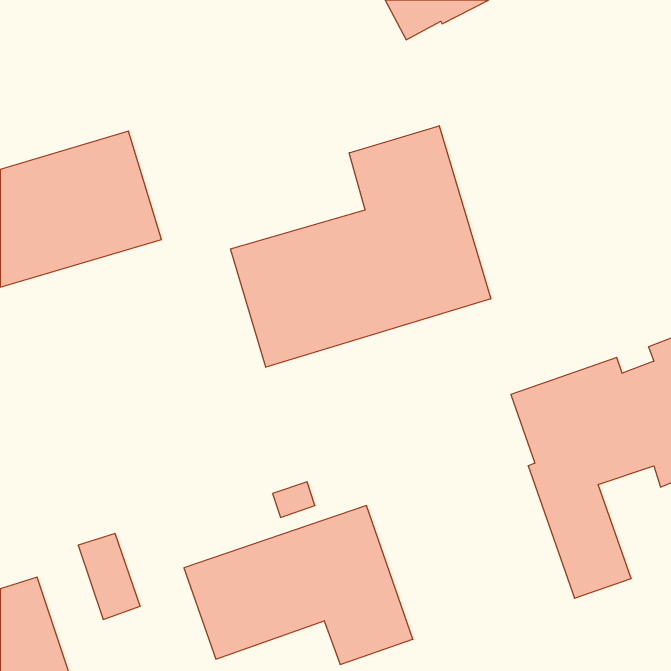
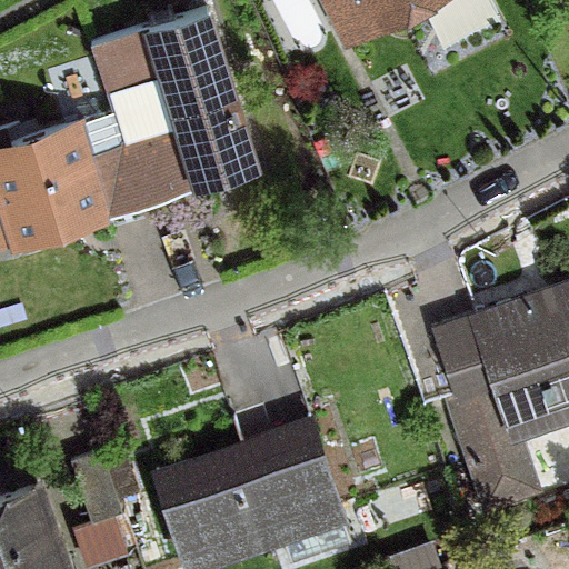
building: none -> [91,9,253,206]
building: [231,126,491,367] -> none

